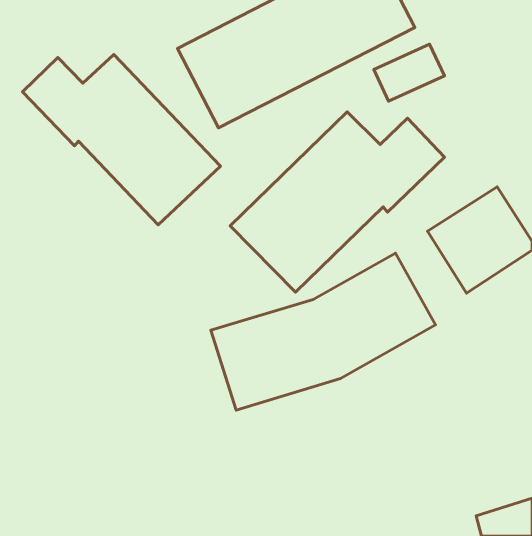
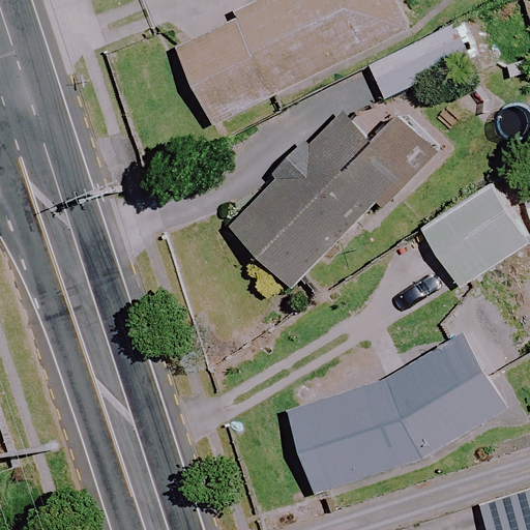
building: [22,54,220,225] -> none
building: [211,253,436,410] -> [286,336,506,491]

